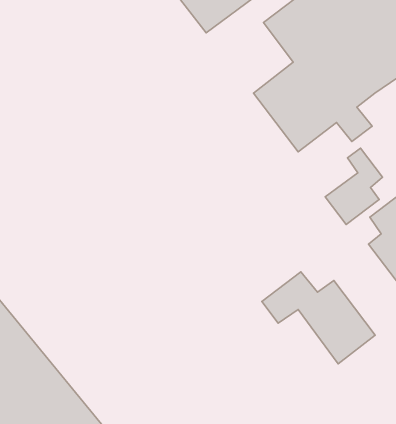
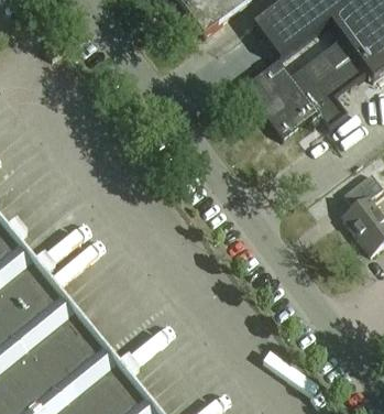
building: [325,148,383,224] -> none
building: [262,272,375,364] -> none

